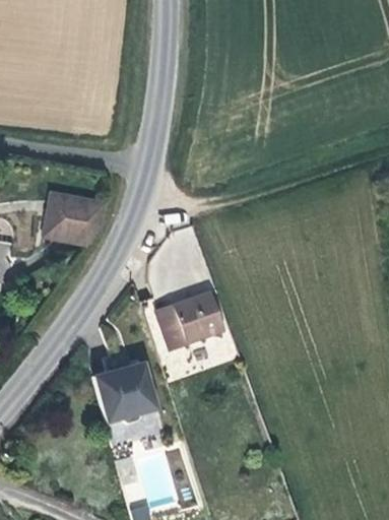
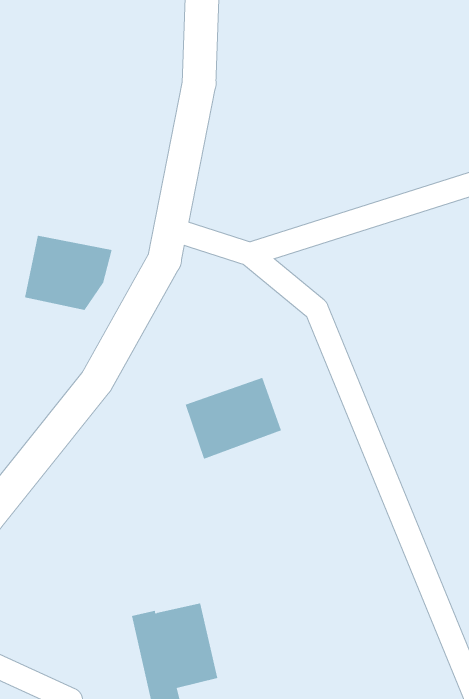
building: [91,362,154,422] -> none

